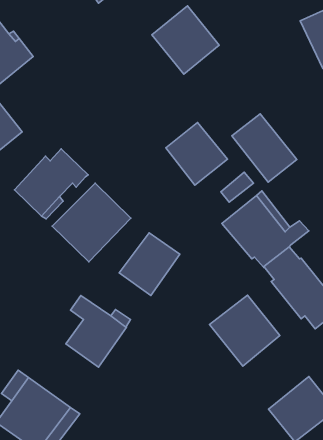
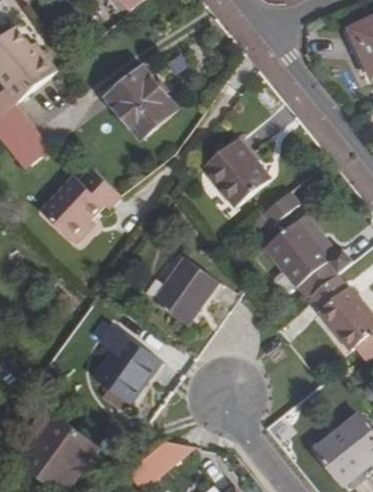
building: [152,6,219,74] -> [105,65,178,138]
building: [232,114,297,182] -> none
building: [52,183,131,262] -> none
building: [210,295,280,366] -> none

